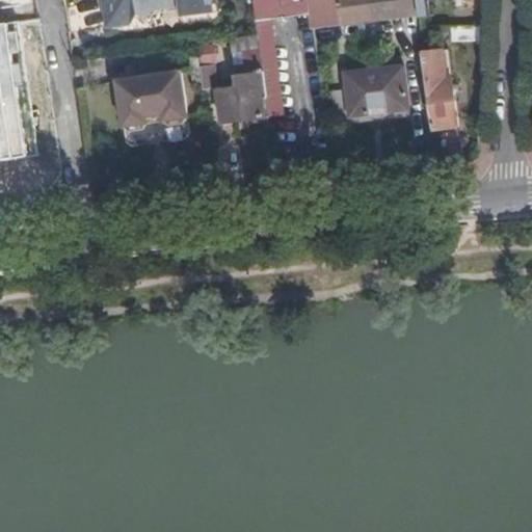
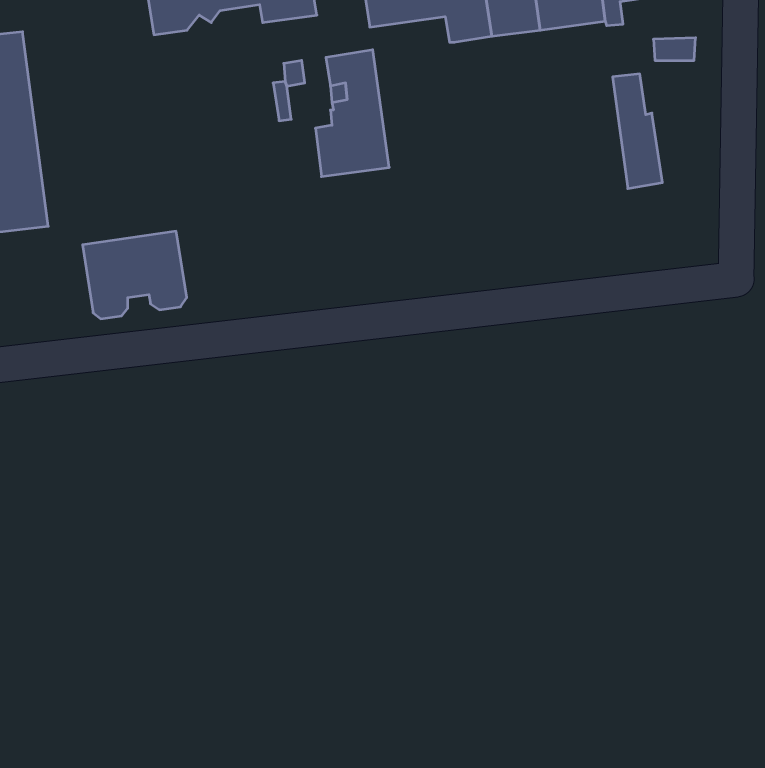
building: [345,68,409,117] -> none
building: [114,71,186,131] -> [83,231,187,319]

